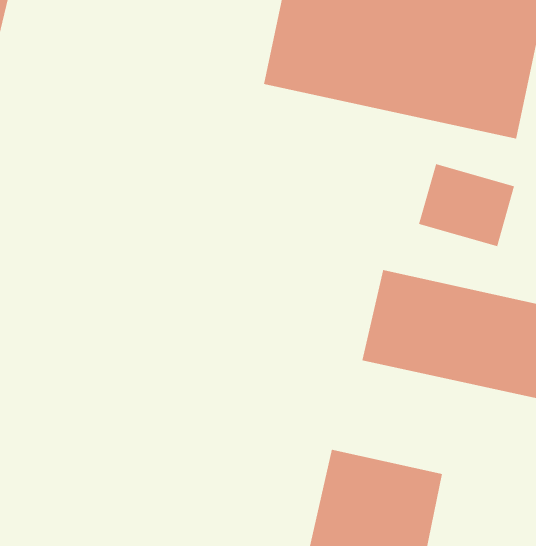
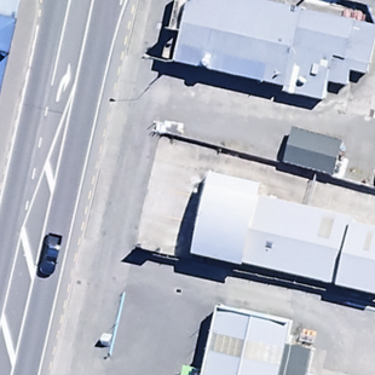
building: none -> [190,167,254,253]

